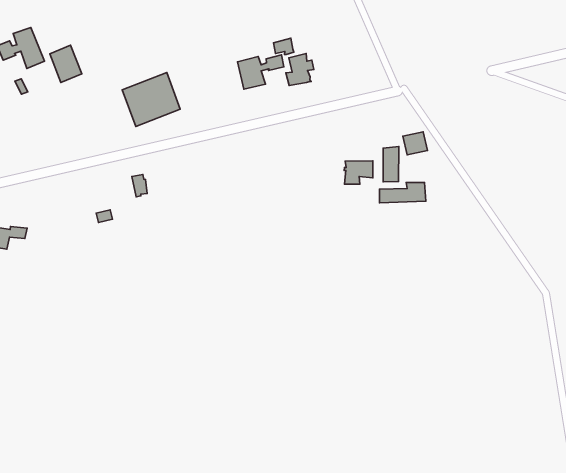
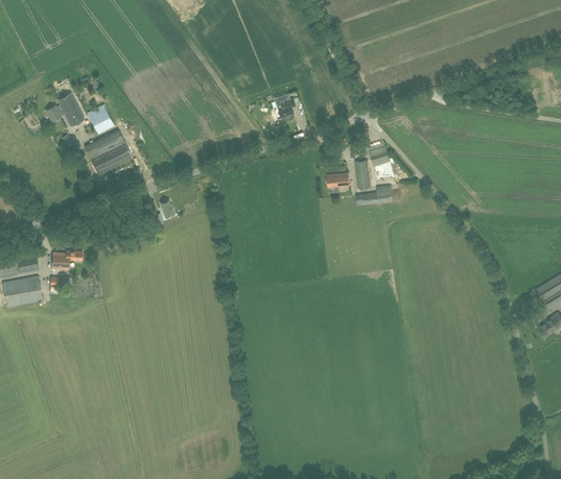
building: [238,55,284,89] -> none
building: [122,73,180,126] -> [84,128,131,173]

